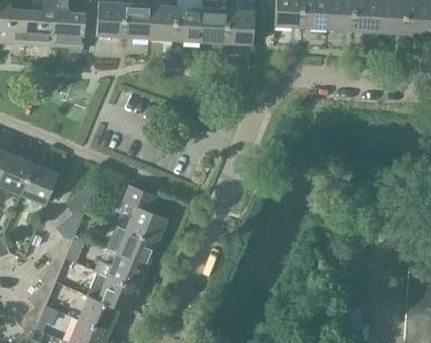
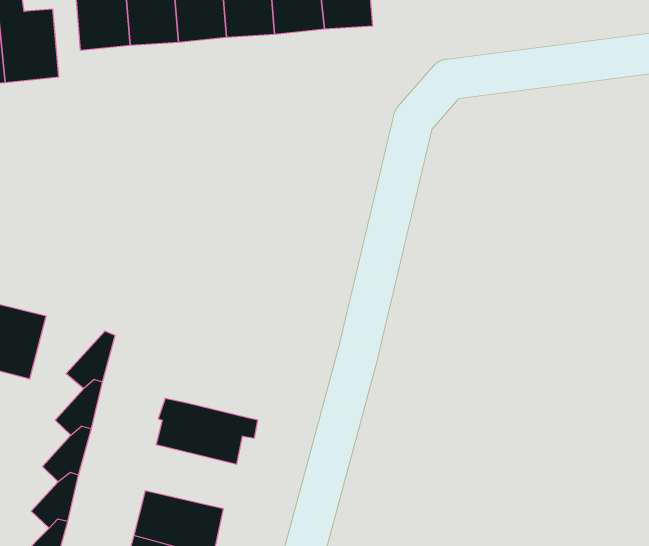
building: [121,185,166,242] -> none
building: [94,249,147,288] -> none

